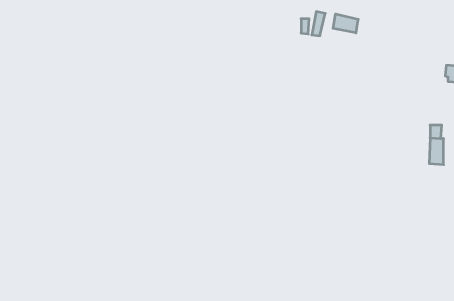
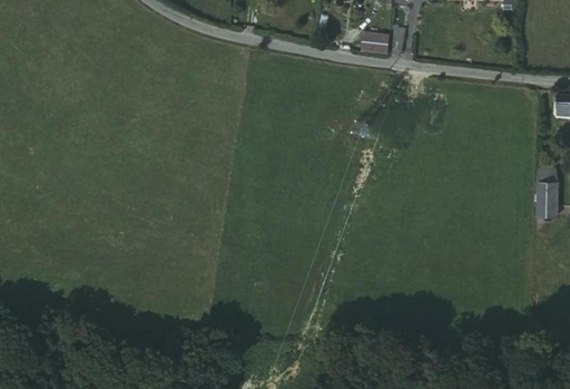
building: [333,14,358,33] -> none

